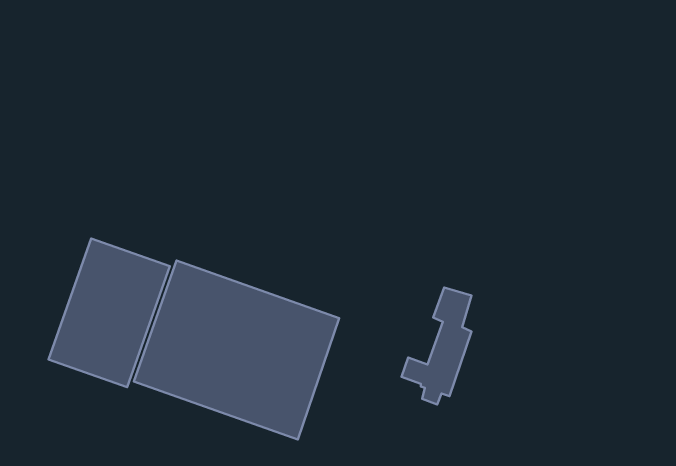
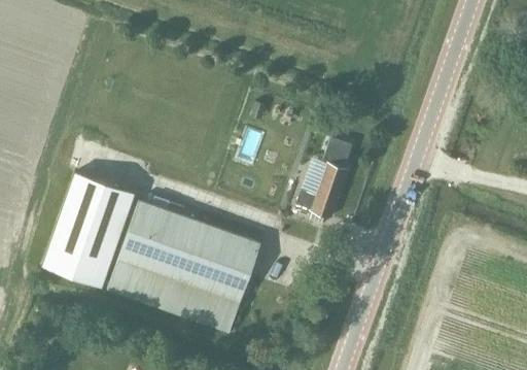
building: [401,287,472,404] -> [295,134,348,222]

